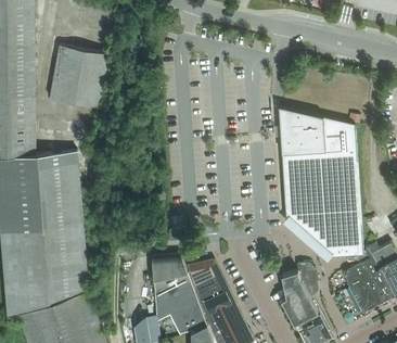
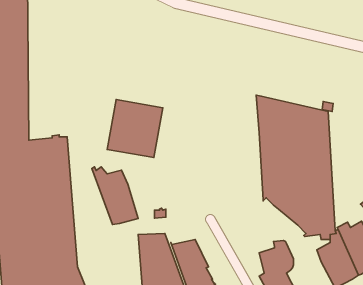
building: [49,46,108,107] -> [107,100,163,158]
building: none -> [92,167,138,225]

